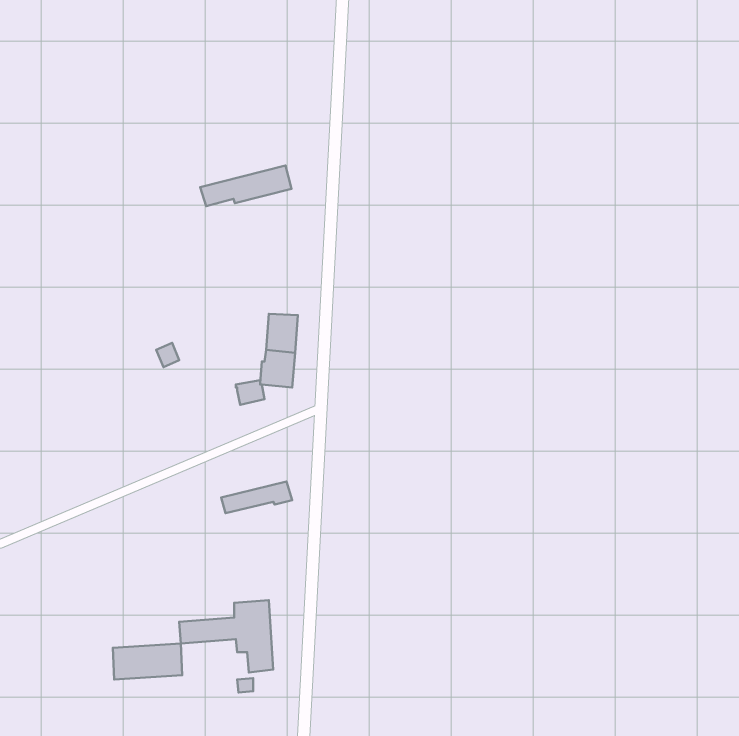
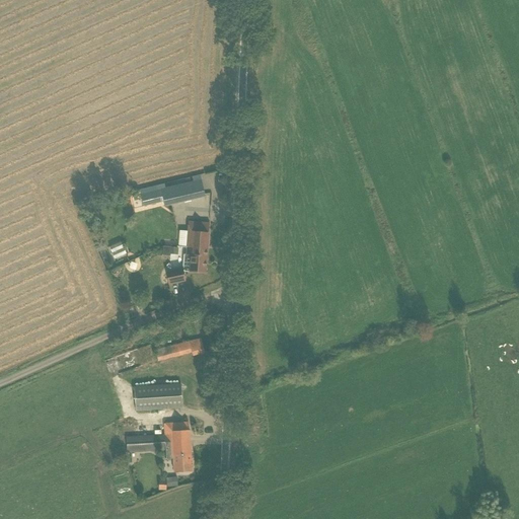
building: [200,166,291,206] -> [141,177,205,206]
building: [113,643,182,680] -> [134,383,182,409]

